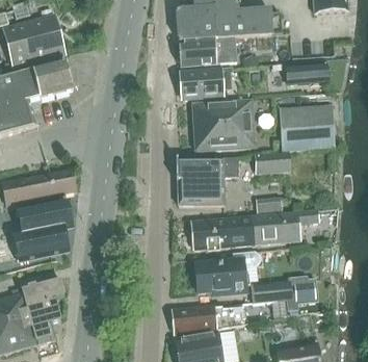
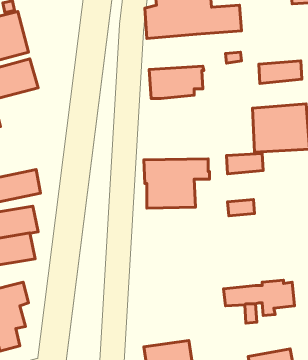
building: [178,36,236,66] -> none
building: [191,99,255,151] -> none
building: [190,209,318,249] -> none
building: [194,251,260,293] -> none
building: [172,305,246,334] -> none

